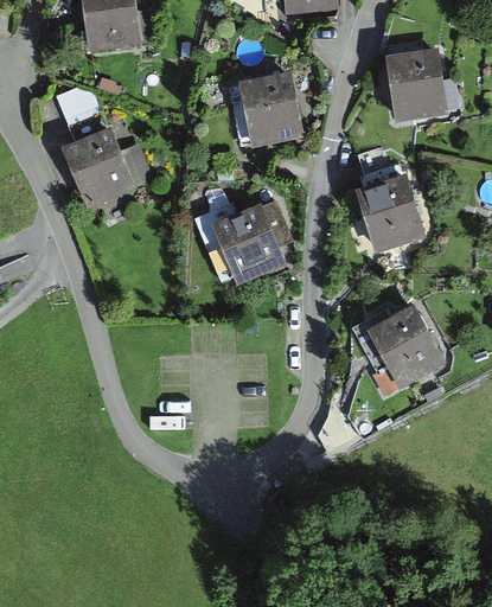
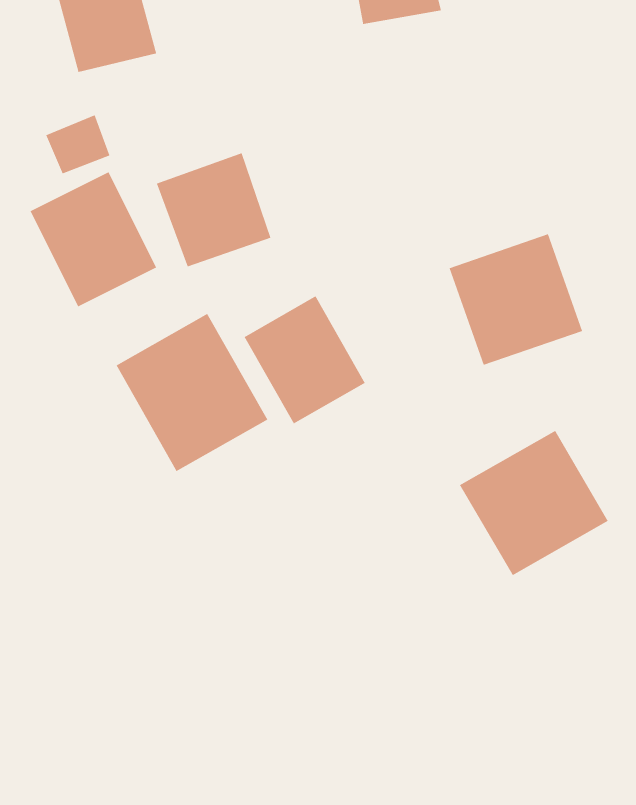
building: [378,51,452,123] -> none
building: [231,70,311,149] -> [156,152,272,268]
building: none -> [115,313,268,472]

